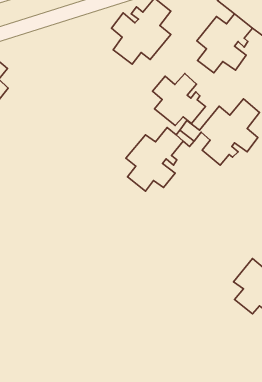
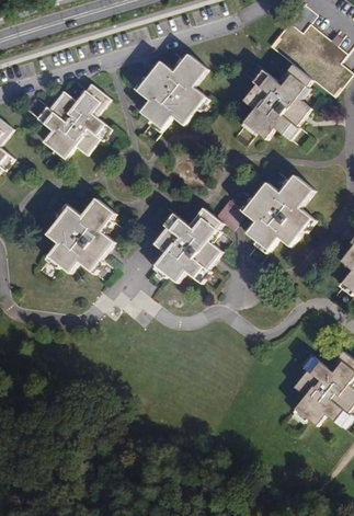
building: none -> [41,77,112,157]
building: [153,73,205,126] -> none
building: none -> [47,195,117,273]

